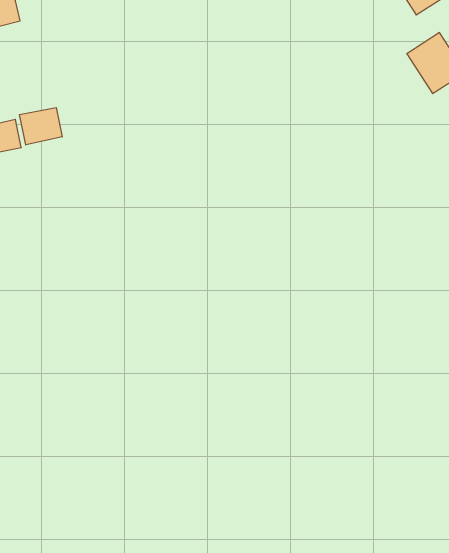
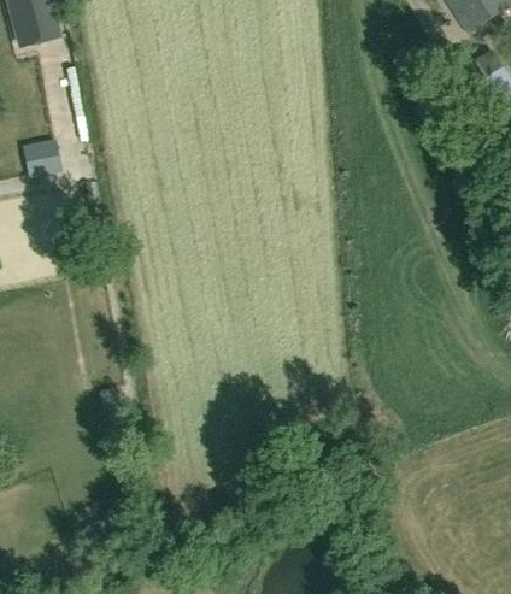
building: [19,108,62,145] -> none

